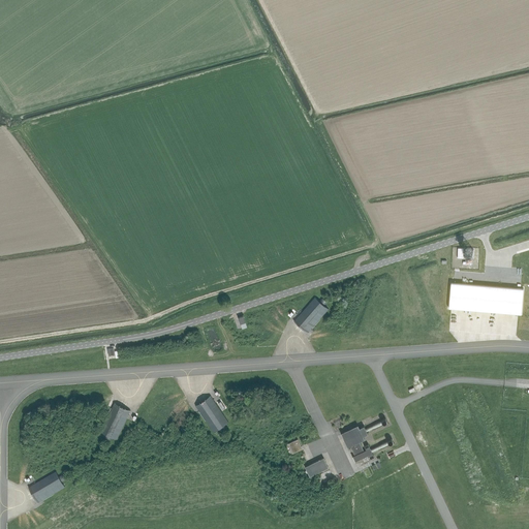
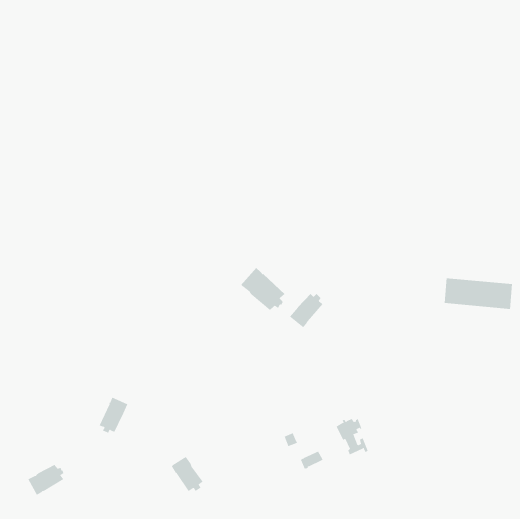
building: none -> [240,267,285,311]
building: [195,397,228,433] -> [171,456,203,492]

